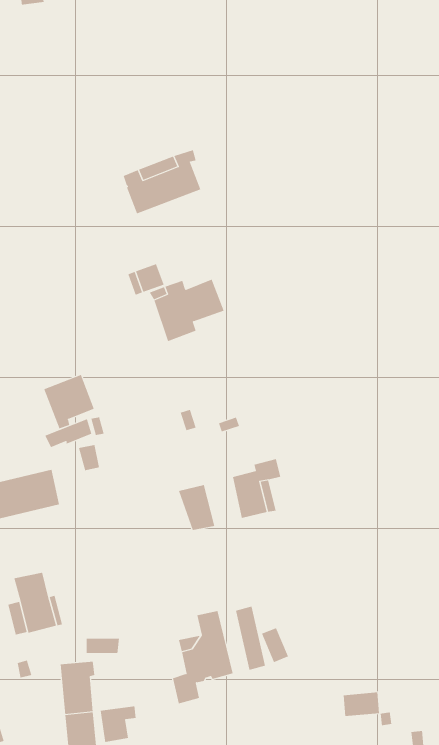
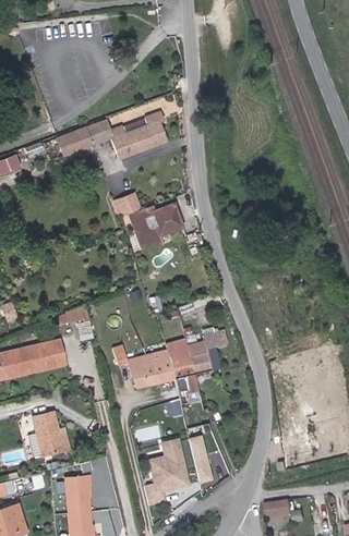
building: none -> [57,120,112,156]
building: [43,374,95,429] -> none
building: none -> [168,344,198,402]
building: none -> [112,345,159,387]

